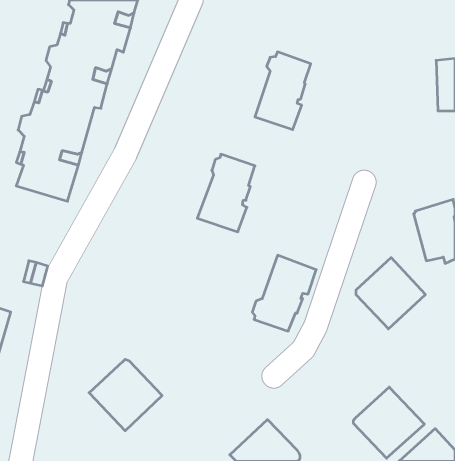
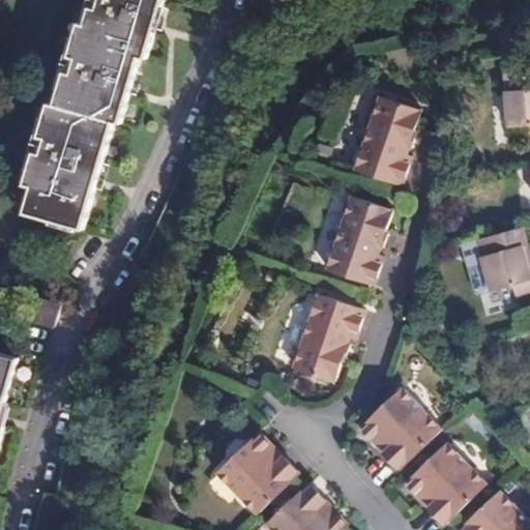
building: [255,52,311,130] -> [358,96,422,185]
building: [197,154,255,232] -> [326,195,392,284]
building: [356,258,425,329] -> [361,388,441,470]
building: [89,359,162,431] -> [214,431,298,512]

